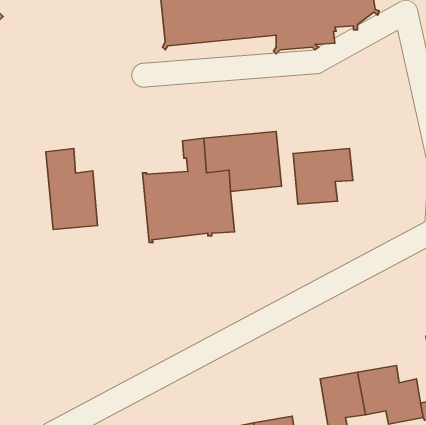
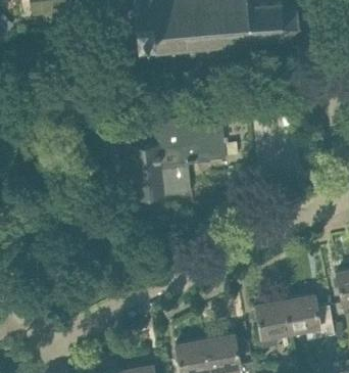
building: [46,148,98,230] -> none
building: [293,148,353,204] -> none

